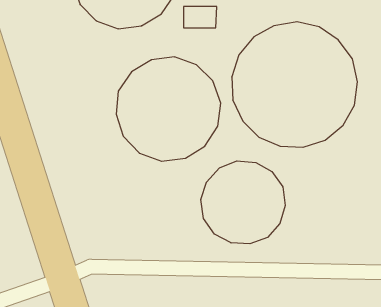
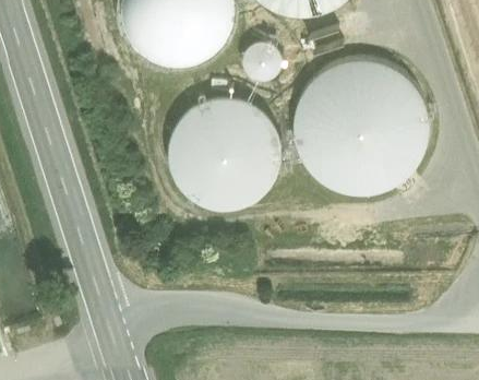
building: [201,161,285,244] -> none

